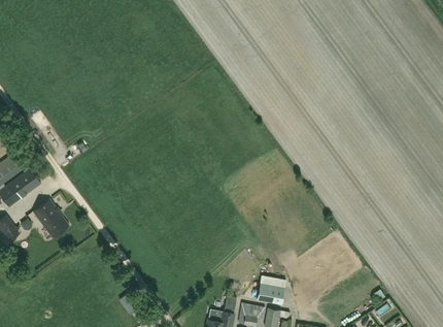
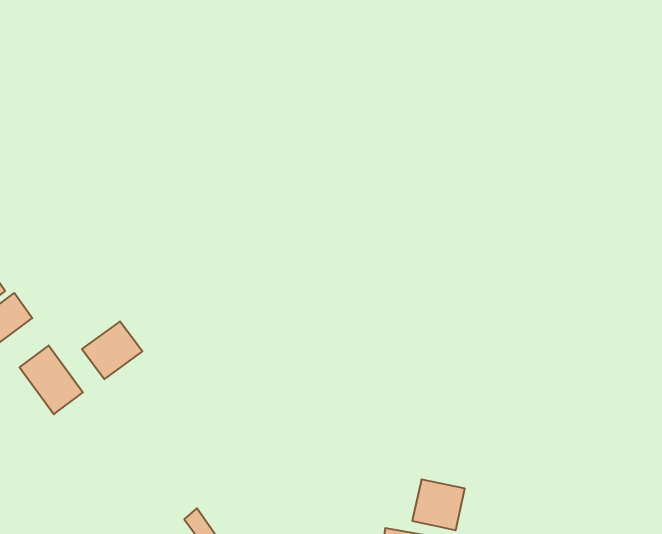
building: none -> [82,321,142,379]

